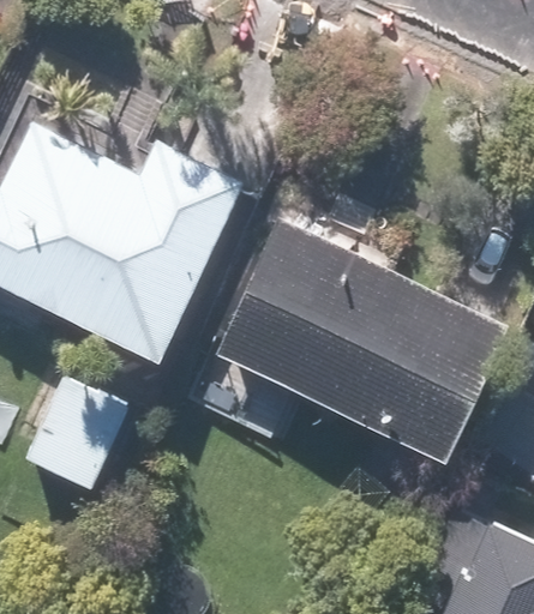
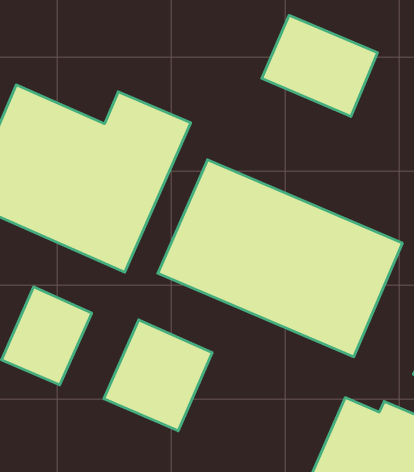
building: none -> [262,15,377,117]
building: none -> [104,320,212,431]

